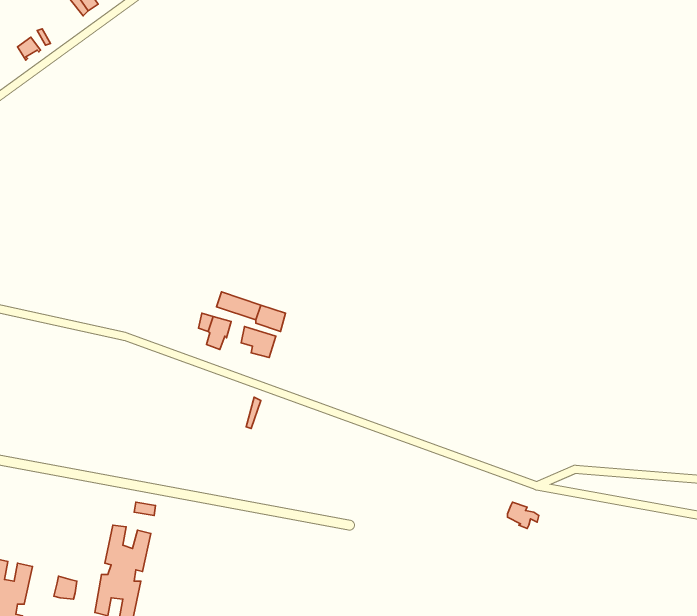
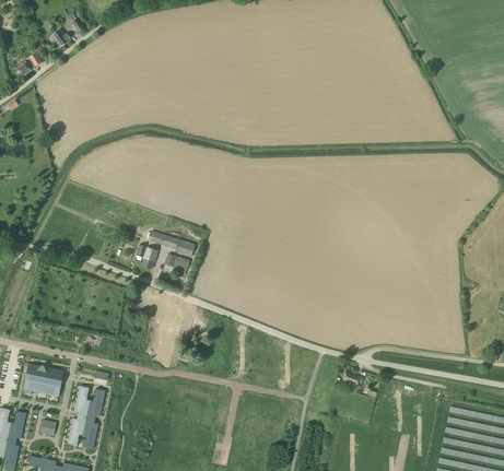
building: none -> [23,364,63,397]

